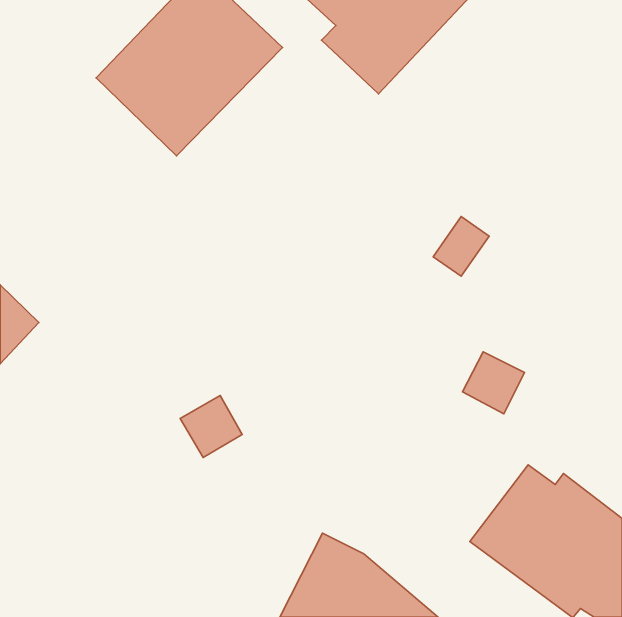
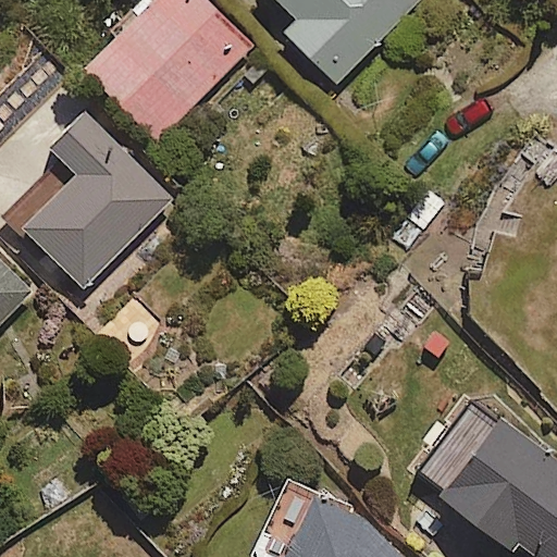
building: none -> [8,116,172,287]

